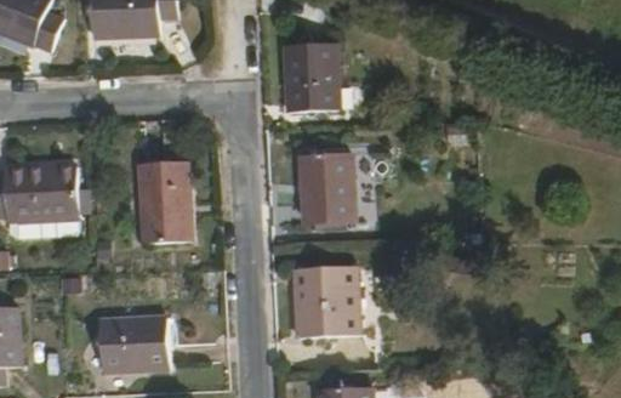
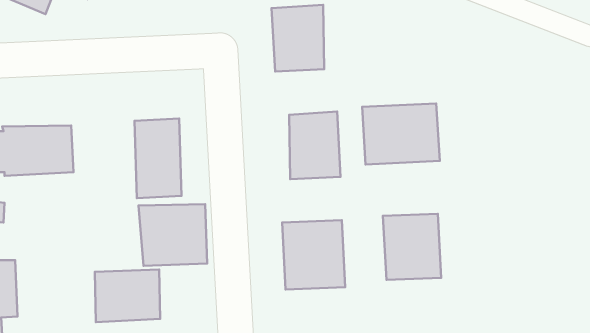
building: none -> [362,103,440,164]
building: none -> [139,204,207,266]
building: none -> [383,214,441,280]

